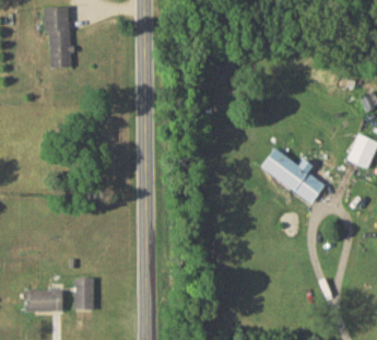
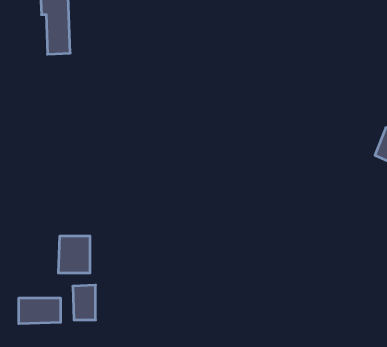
building: [261,149,325,203] -> none
building: none -> [58,236,90,273]

